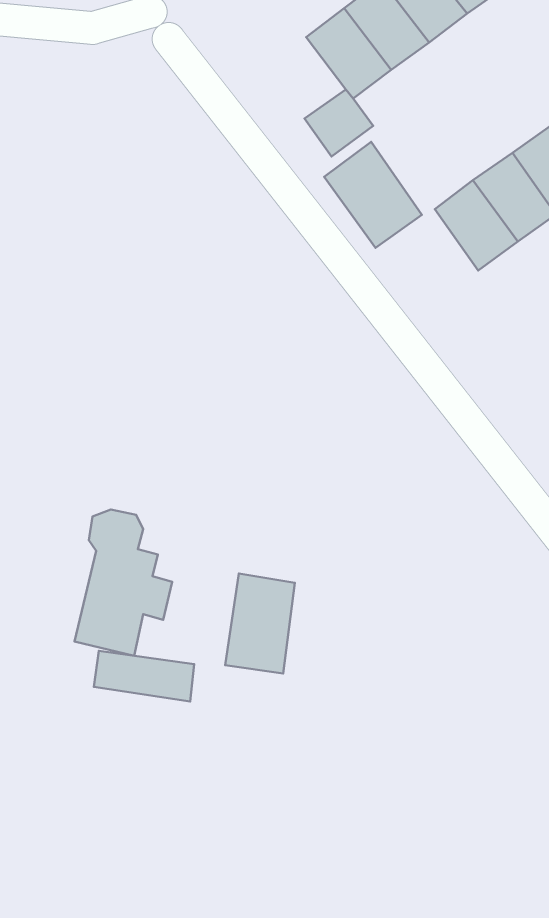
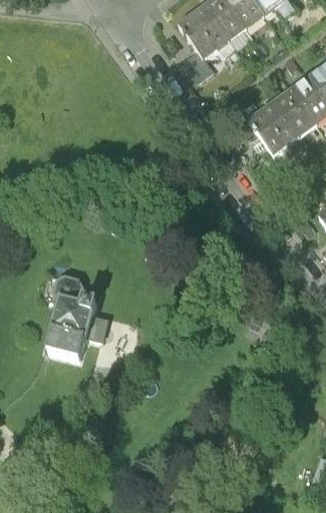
building: [324,142,422,248] -> none
building: [225,573,295,673] -> none
building: [94,651,194,702] -> none

